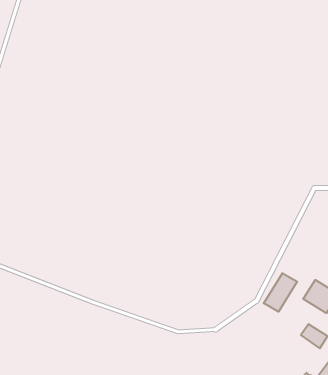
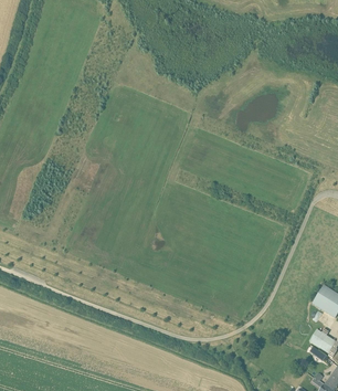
building: [264,273,297,312] -> none

